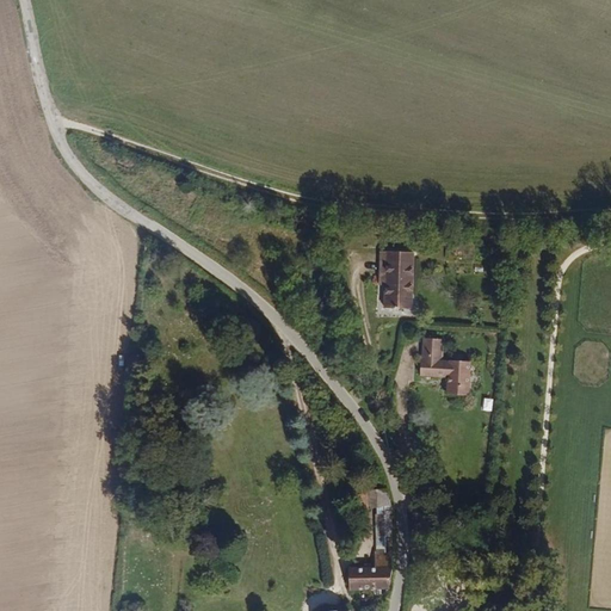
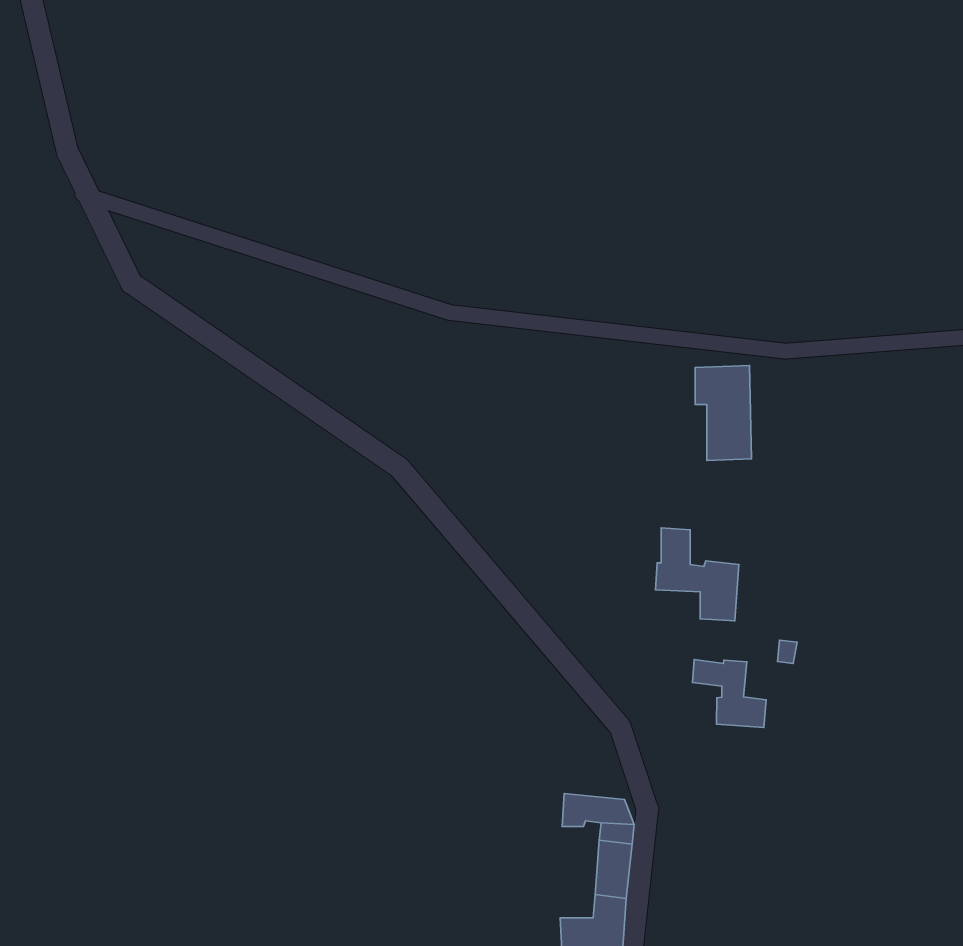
building: [376,249,411,308] -> [695,366,752,461]
building: none -> [693,659,766,727]

